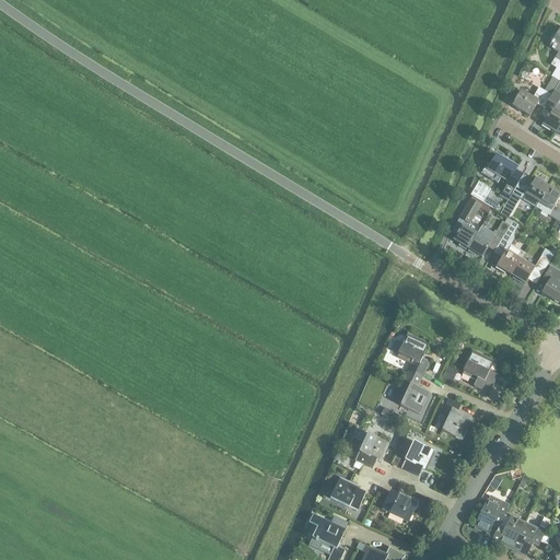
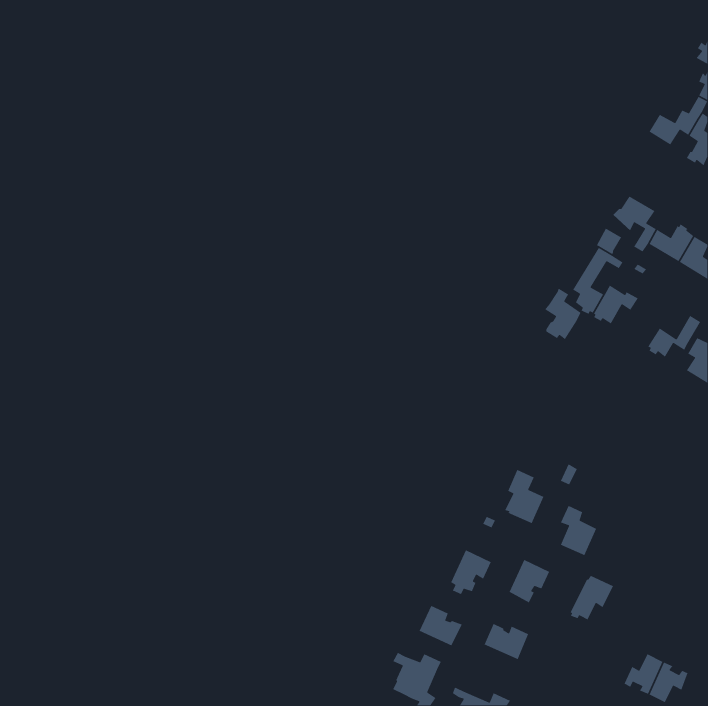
building: [494,232,524,273] -> [544,287,582,340]
building: [390,332,429,376] -> none
building: [463,350,495,393] -> none
building: [474,495,509,532] -> [570,575,614,620]

